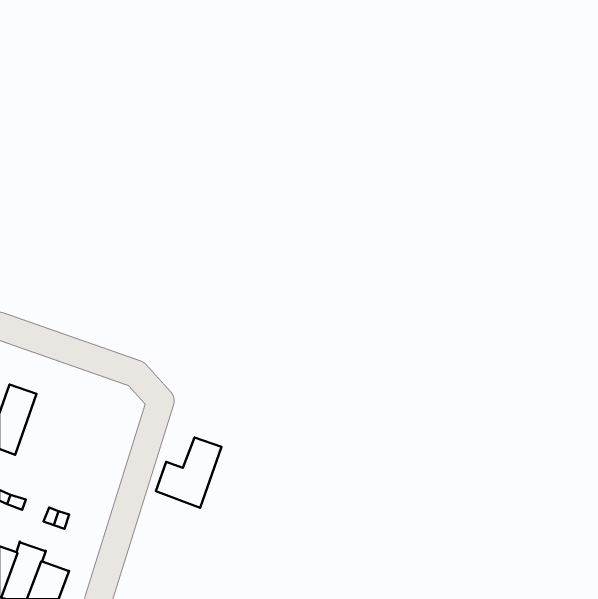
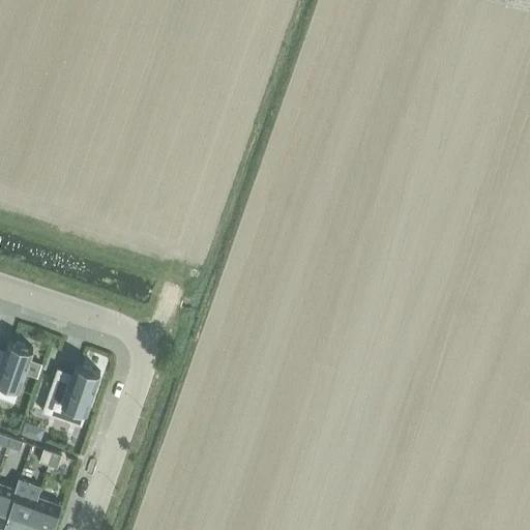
building: [156,437,221,508] -> [41,363,99,425]

